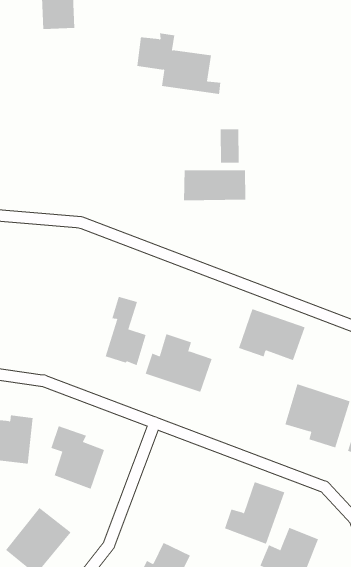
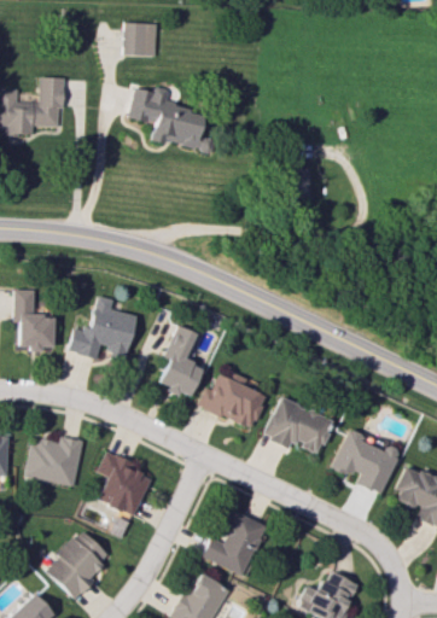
building: [137,33,221,95] -> [129,86,212,152]
building: [184,169,246,201] -> none
building: none -> [68,296,136,358]
building: [238,308,305,361] -> [264,397,333,453]
building: [224,481,285,545] -> [203,512,267,576]

